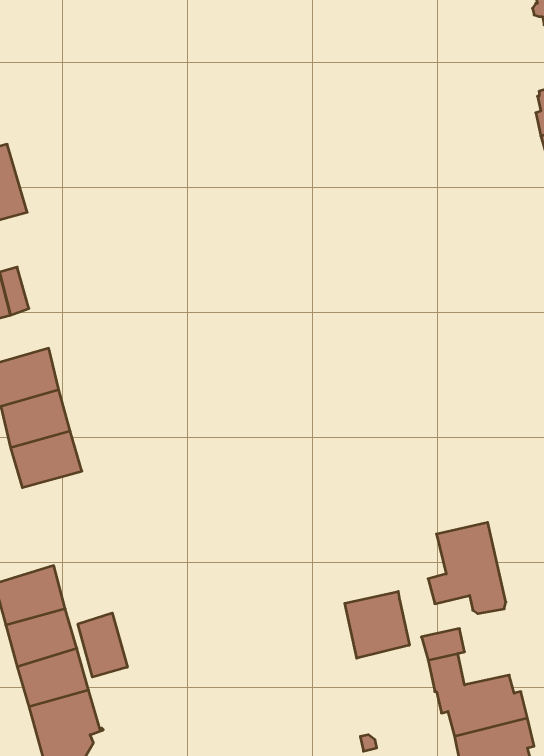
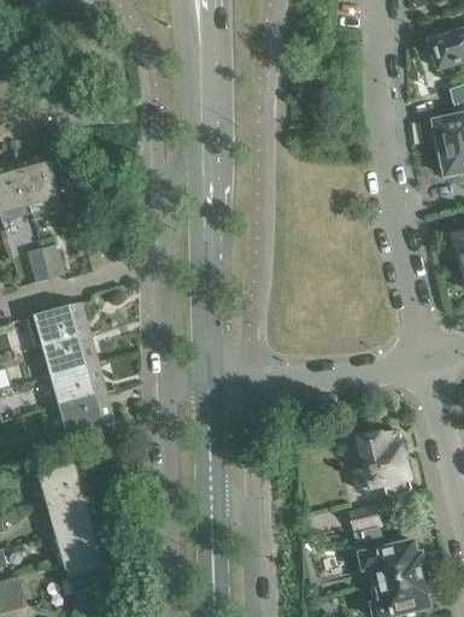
building: none -> [59,392,111,434]
building: [345,591,409,658] -> none
building: [78,613,127,677] -> none

